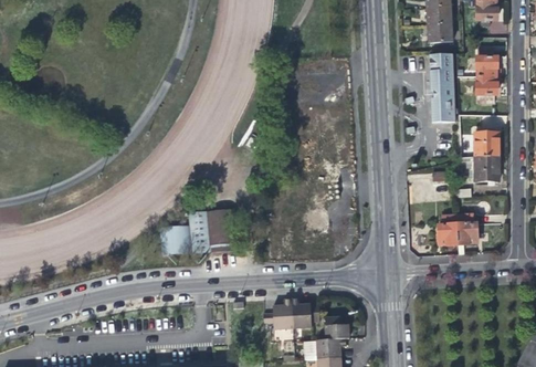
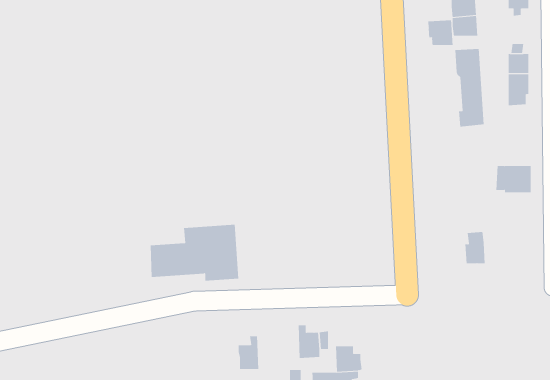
building: none -> [428,20,453,46]
building: [474,133,498,157] -> none
building: [455,212,476,244] -> none
building: [273,298,292,328] -> [238,336,259,370]

